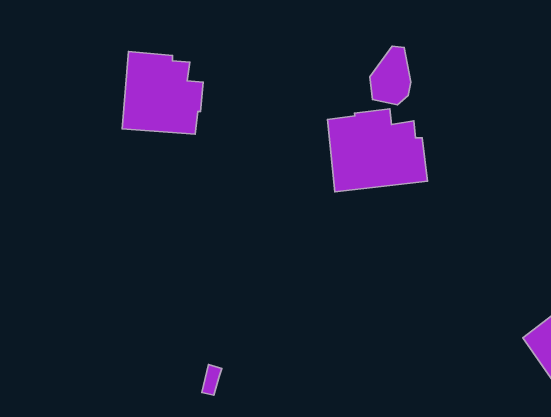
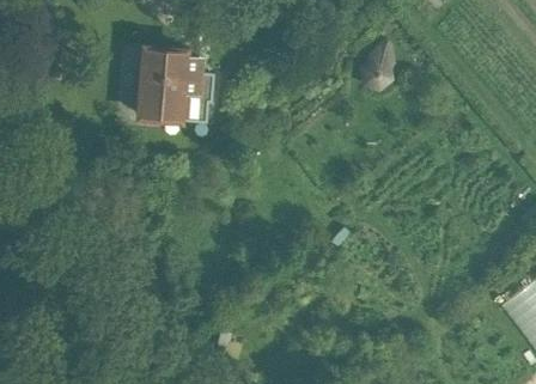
building: [328,109,427,192] -> none

